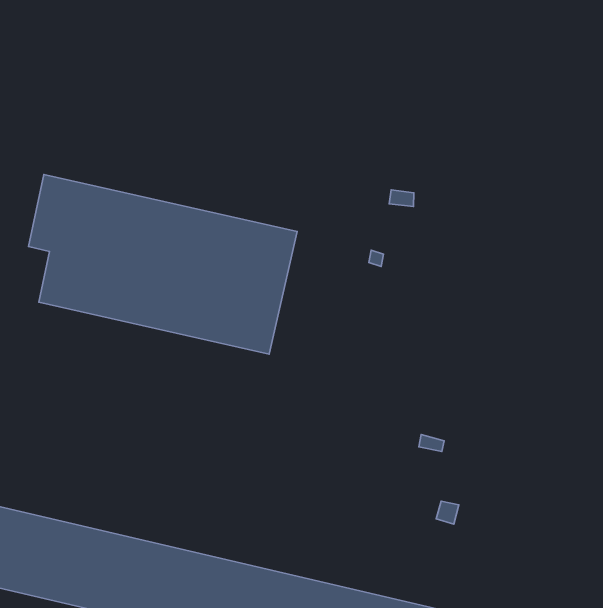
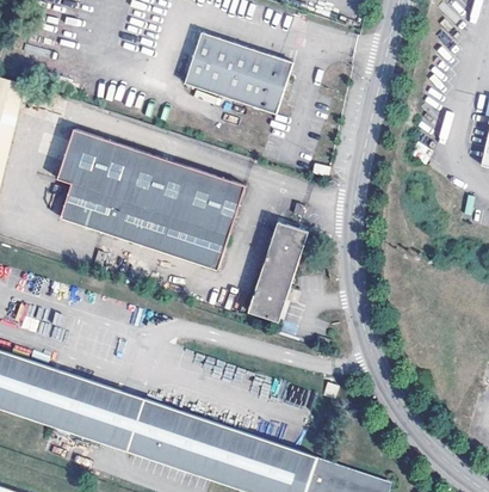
building: none -> [185,31,293,112]
building: none -> [248,221,308,321]

